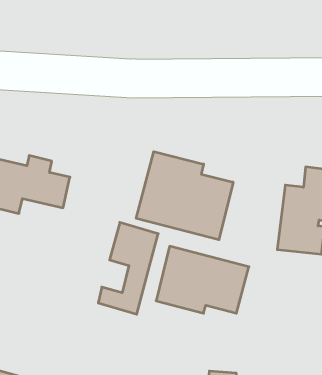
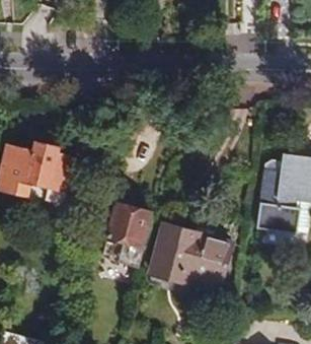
building: [136,152,233,240] -> none

